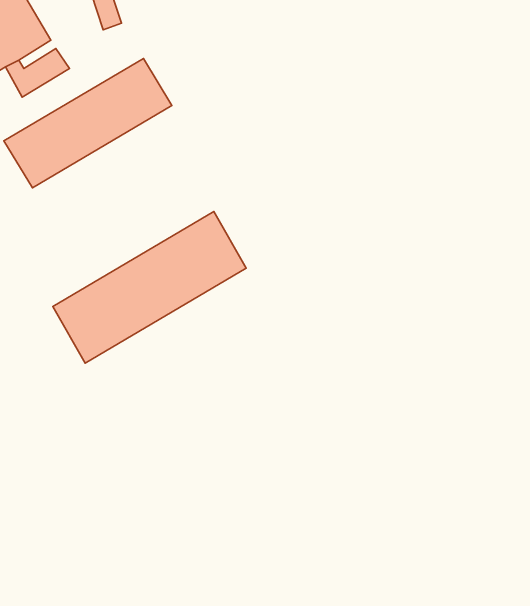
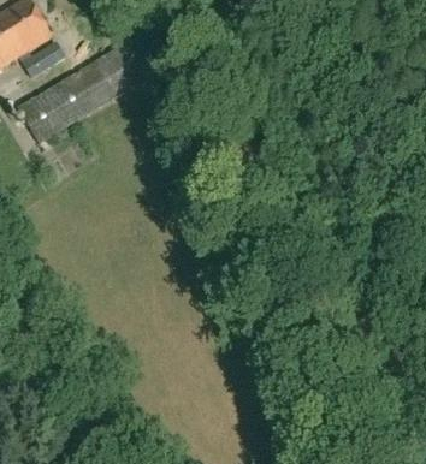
building: [53,212,246,363] -> none

